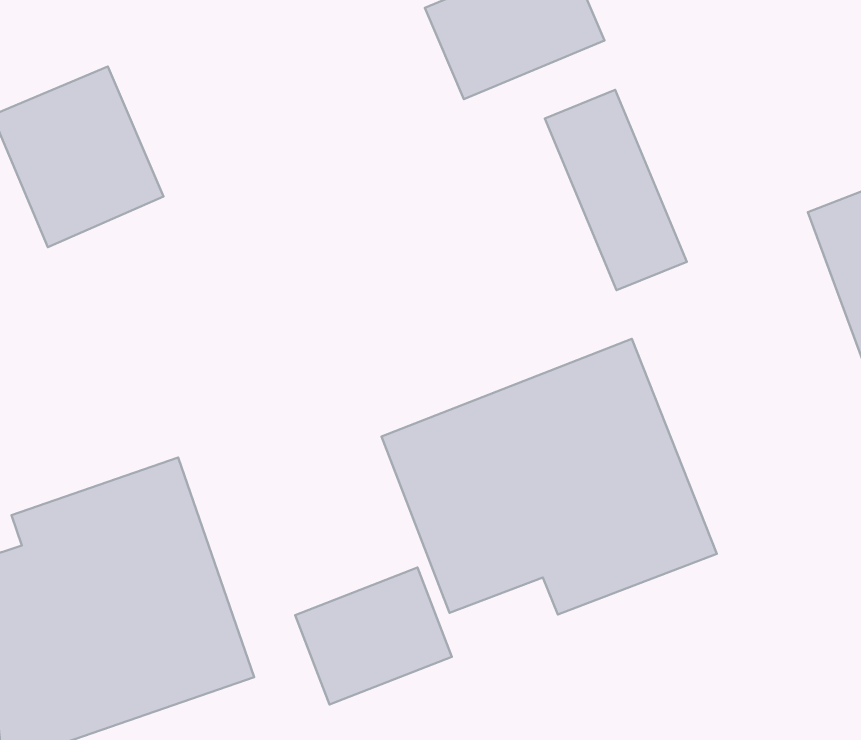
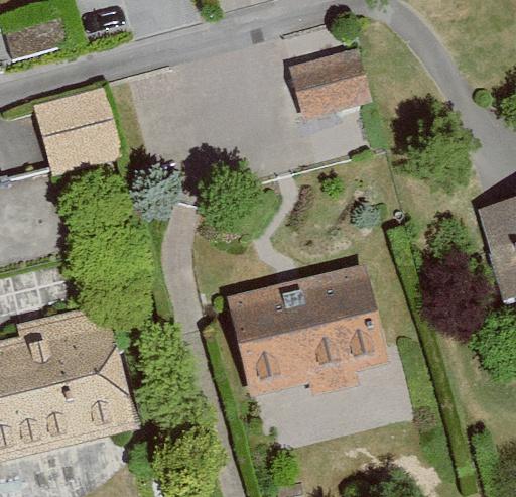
building: [545,90,687,290] -> none
building: [295,568,452,705] -> none

